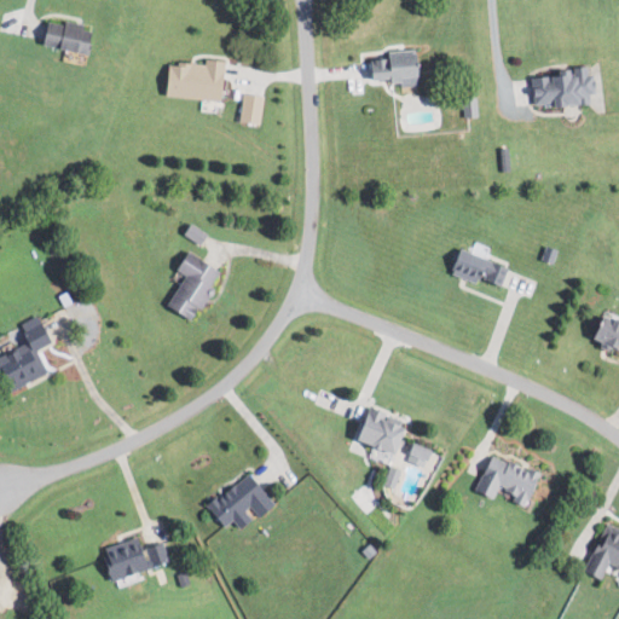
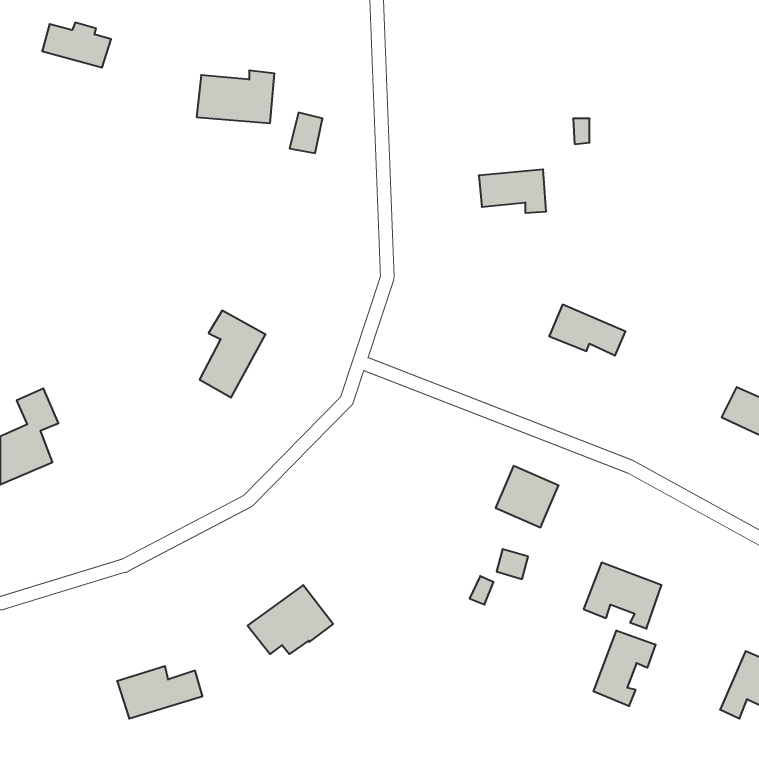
building: [365,52,420,87] -> [479,169,546,213]
building: [533,65,592,106] -> none
building: [352,405,403,455] -> [496,466,559,527]
building: none -> [594,630,656,706]

